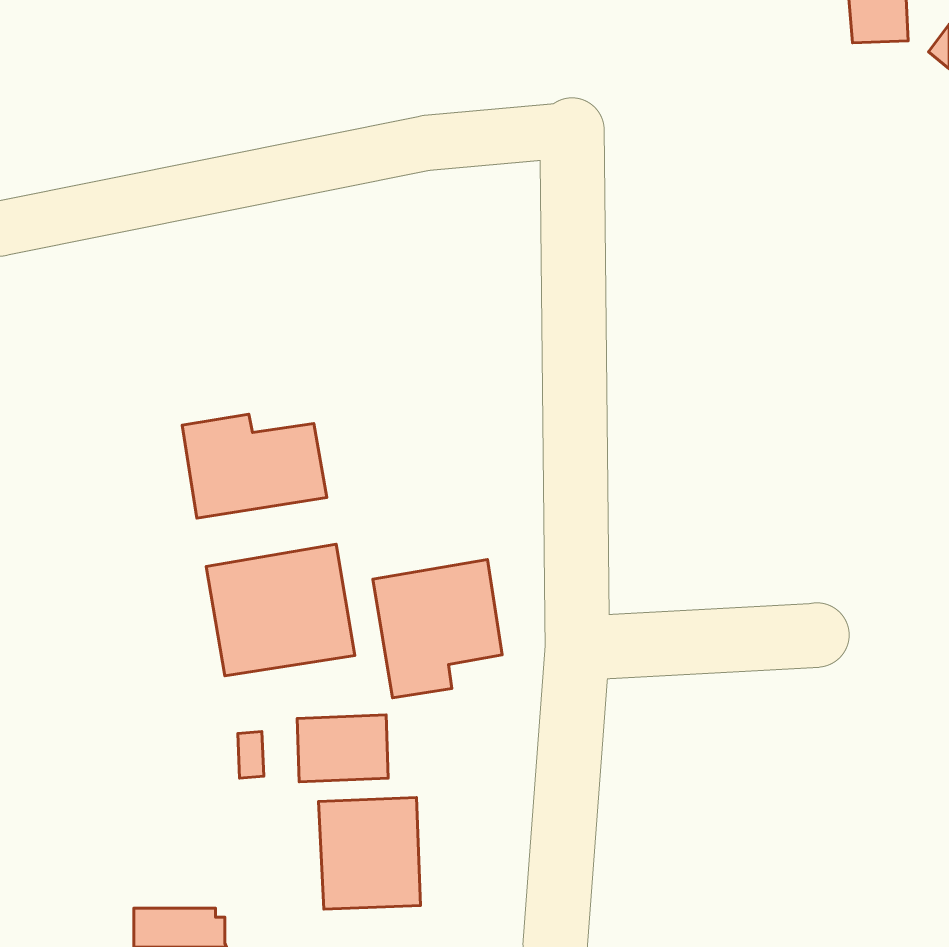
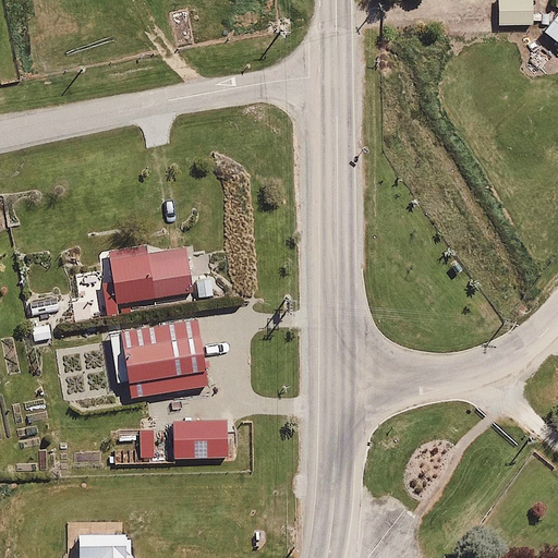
building: [373,559,502,698] -> none
building: [318,798,421,909] -> none

